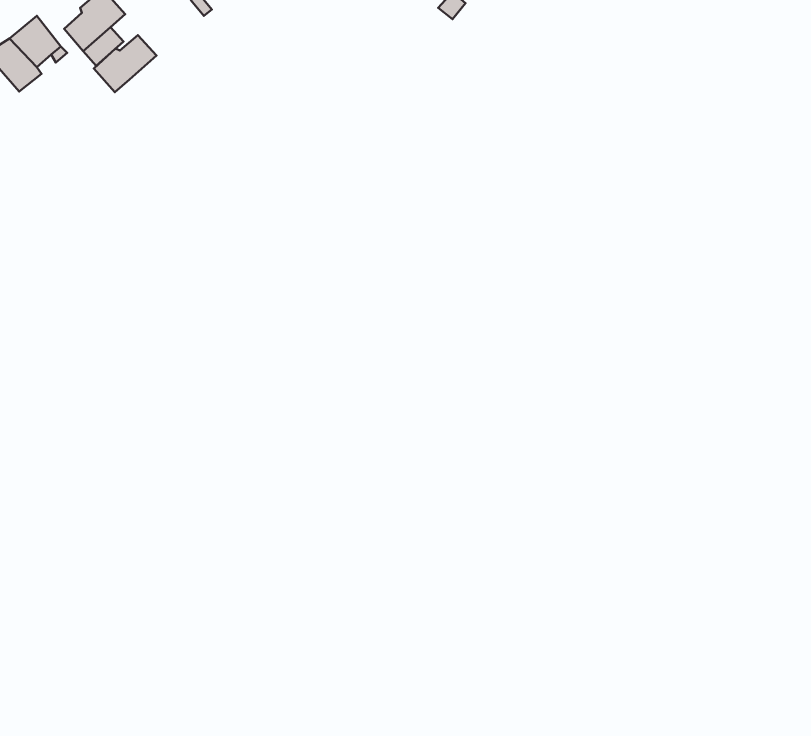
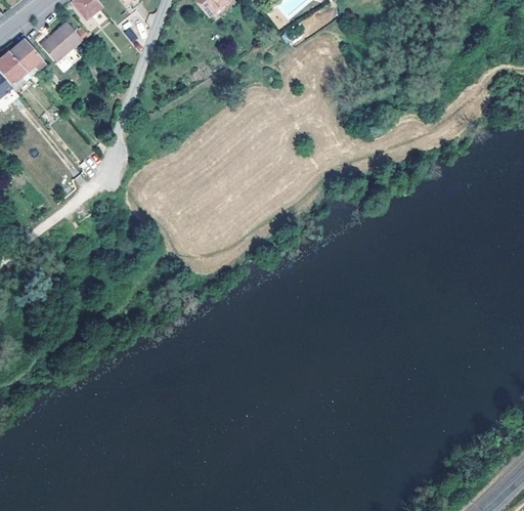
building: [94,35,157,92] -> none

